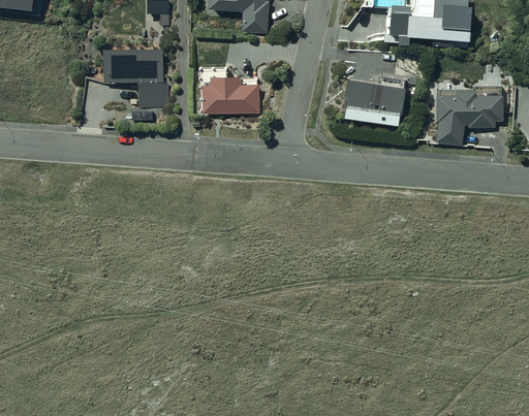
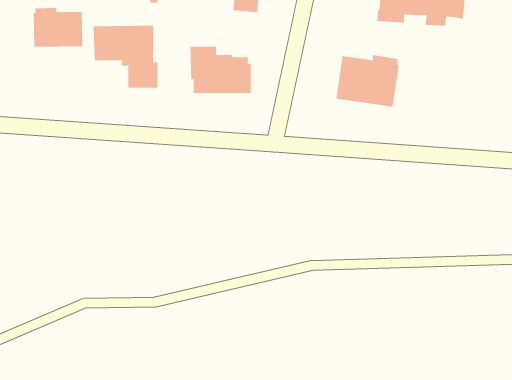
building: none -> [33,7,83,48]
building: [434,86,501,147] -> none

